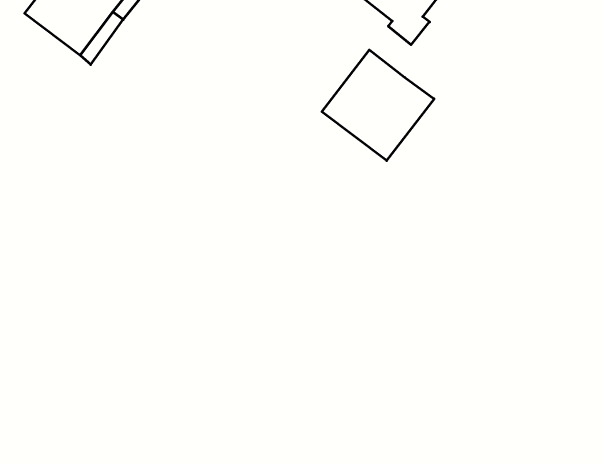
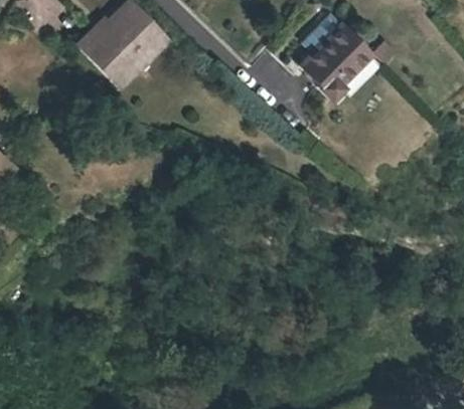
building: [322,50,434,161] -> none

